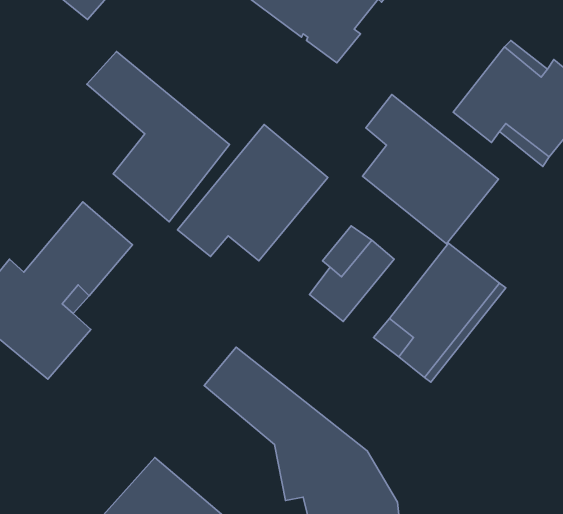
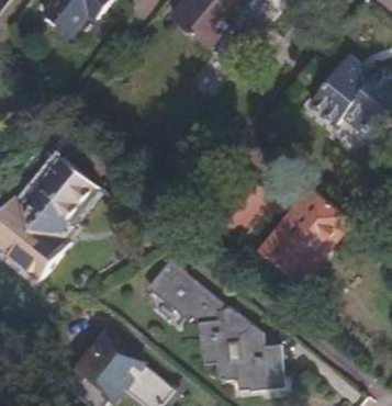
building: [87,51,230,222] -> none
building: [362,95,499,244] -> none
building: [177,124,328,261] -> none

